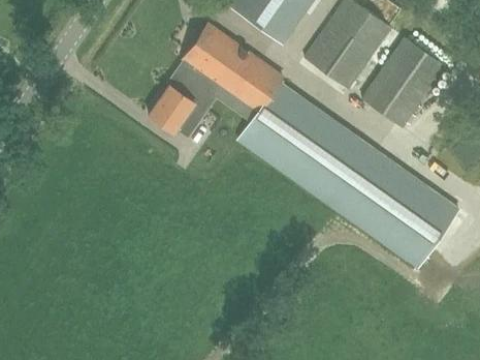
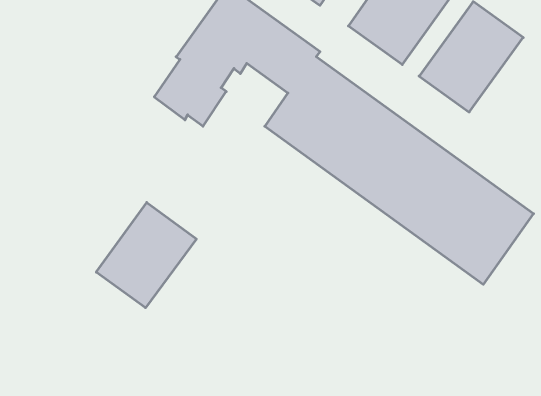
building: none -> [96,202,196,308]

